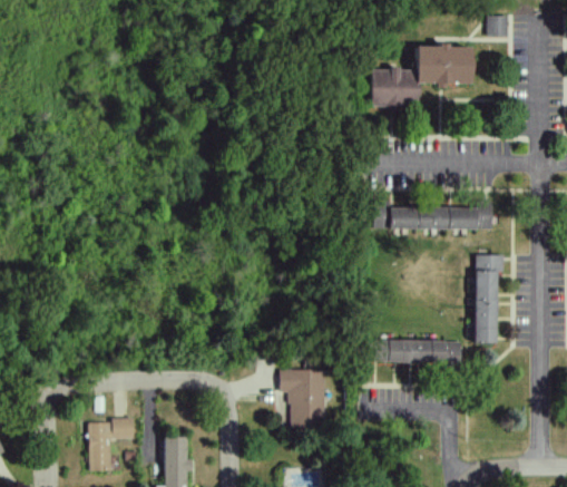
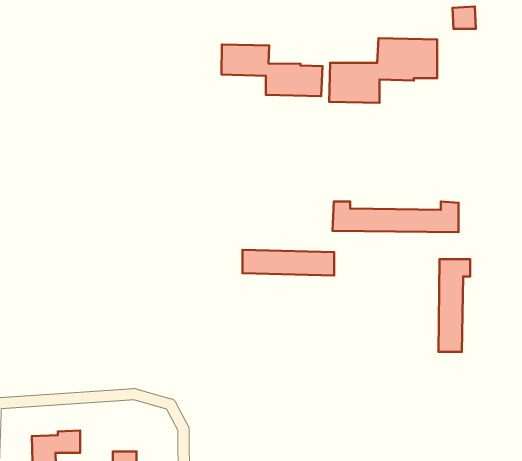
building: none -> [221,45,323,96]
building: [373,340,460,364] -> [243,250,334,276]
building: [280,370,326,428] -> none

